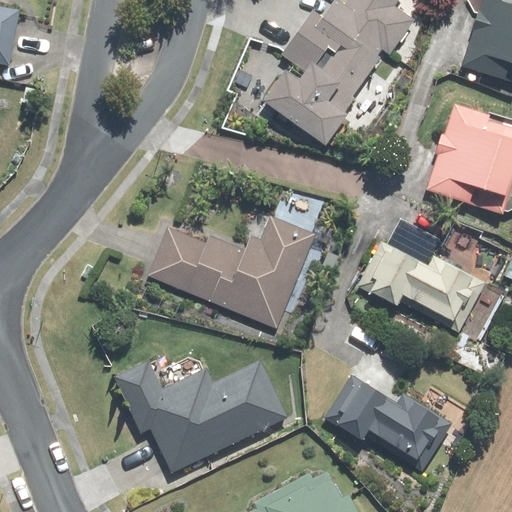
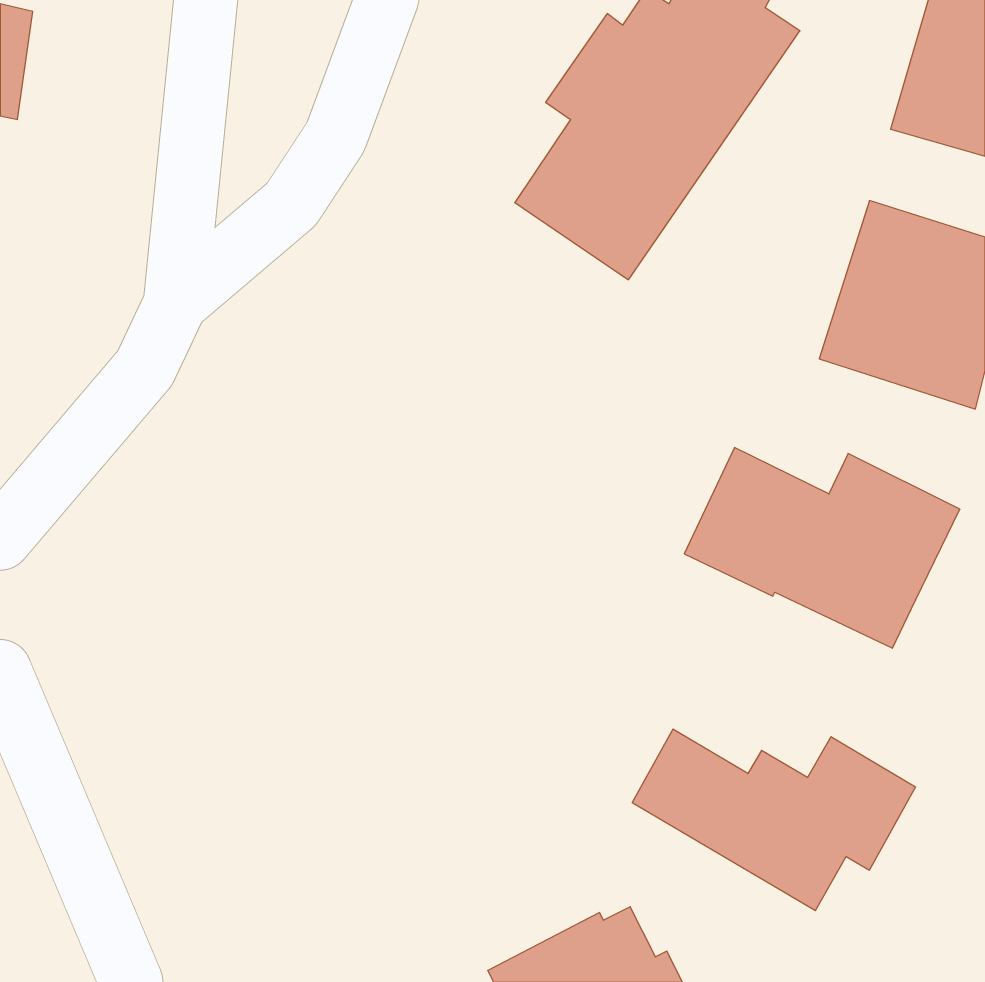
building: [147,215,316,329] -> none
building: [114,356,292,474] -> none

